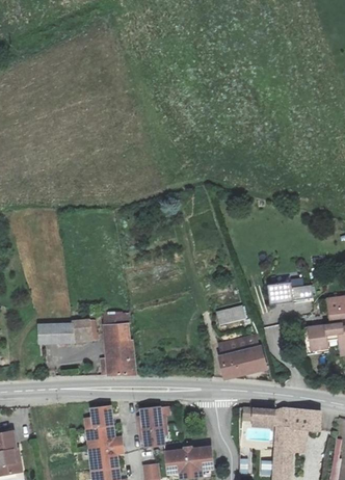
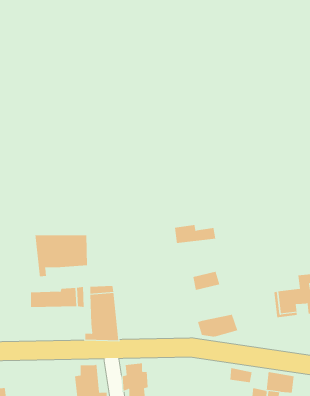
building: none -> [35,235,87,277]
building: [266,282,312,302] -> [174,225,216,244]
building: [219,336,259,358] -> none

